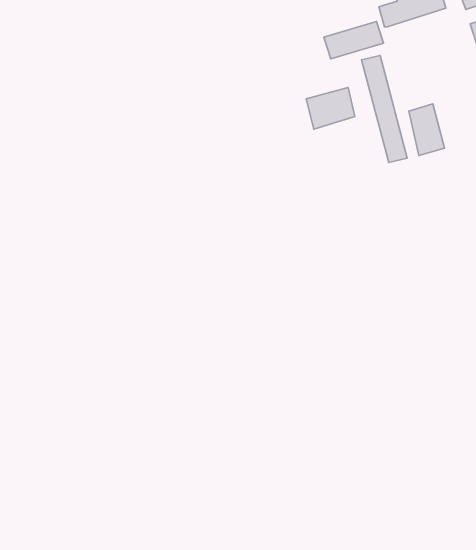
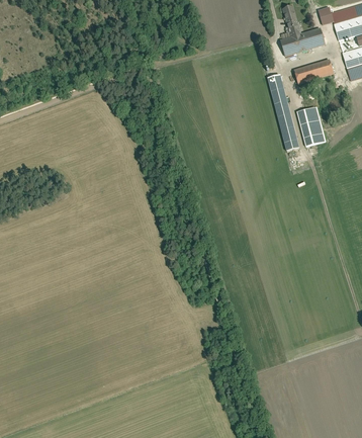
building: [324,22,384,59] -> [292,58,335,84]
building: [306,88,355,129] -> none

